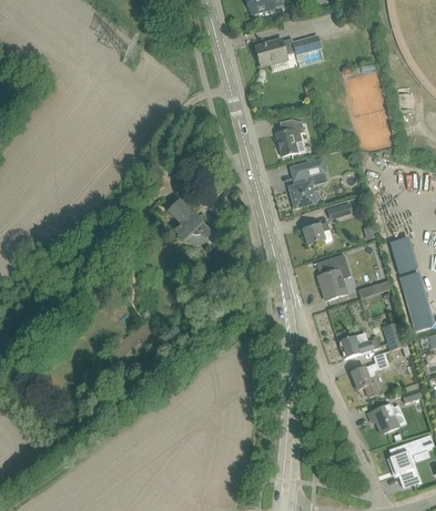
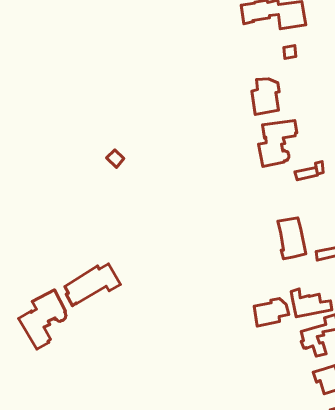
building: [166,197,224,244] -> none
building: [302,221,332,245] -> none
building: none -> [254,298,289,326]
building: none -> [18,290,66,349]

